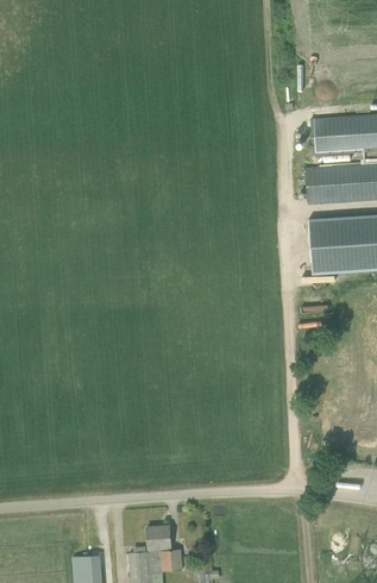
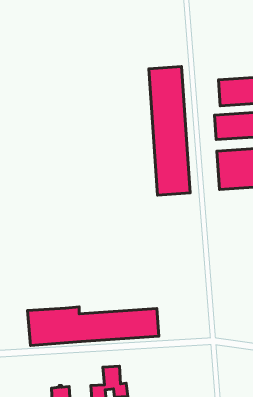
building: none -> [149,66,190,195]
building: none -> [28,307,159,345]

